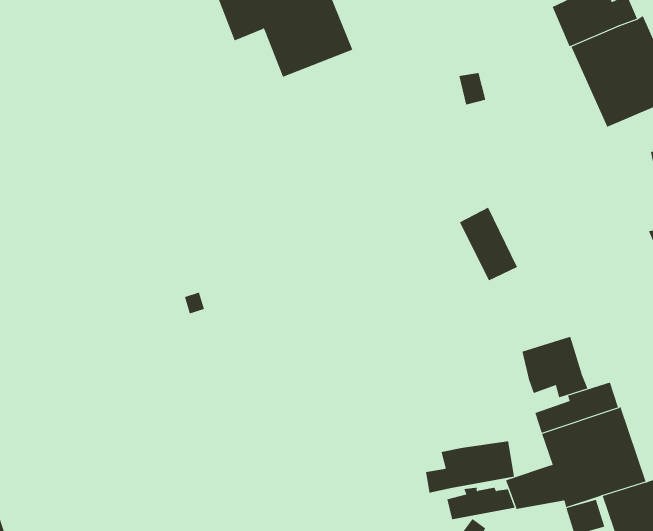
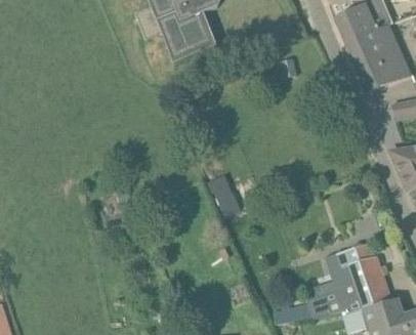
building: [459,207,518,281] -> [210,173,245,217]
building: [522,336,588,398] -> none
building: [425,440,514,493] -> none

